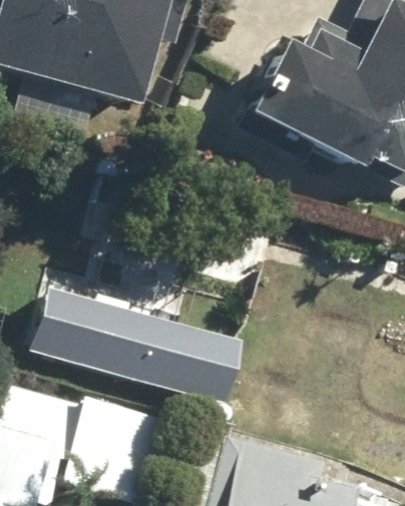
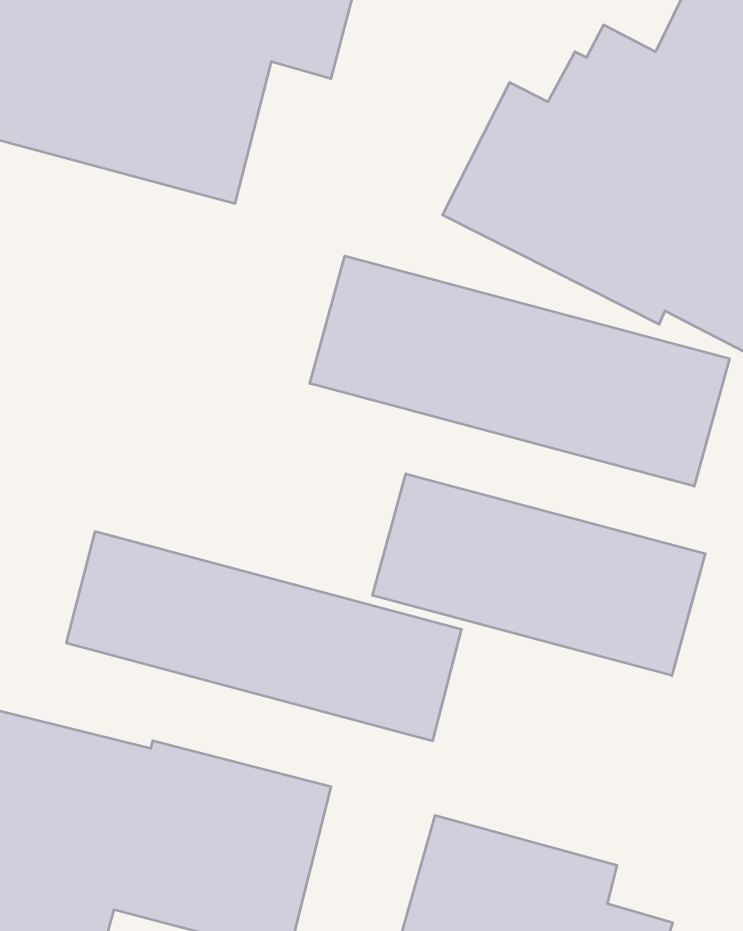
building: none -> [310,256,729,486]
building: none -> [373,474,705,676]

